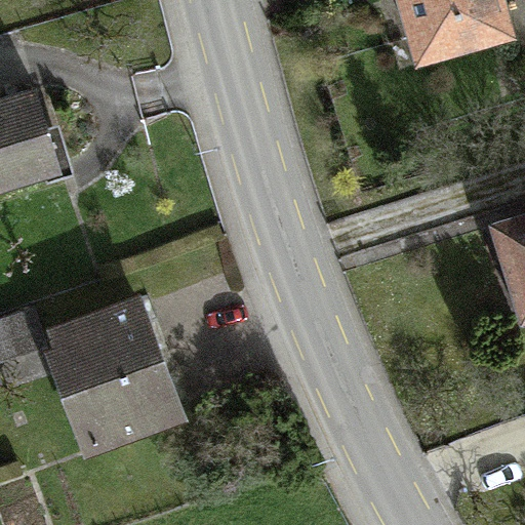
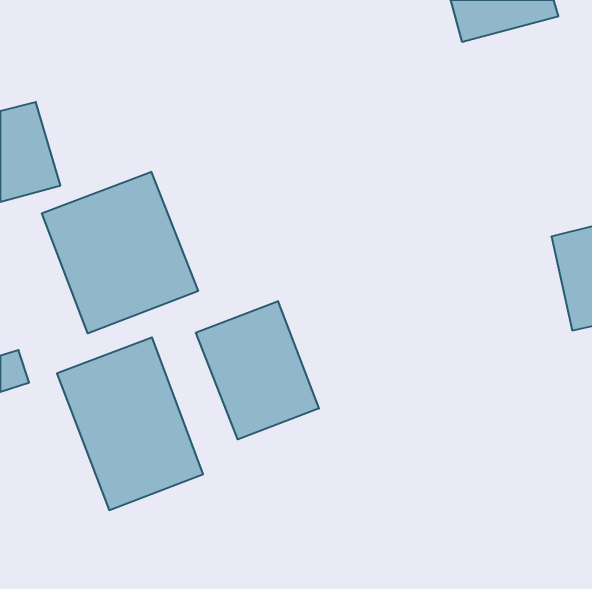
building: none -> [42,172,198,333]
building: none -> [196,301,319,439]

